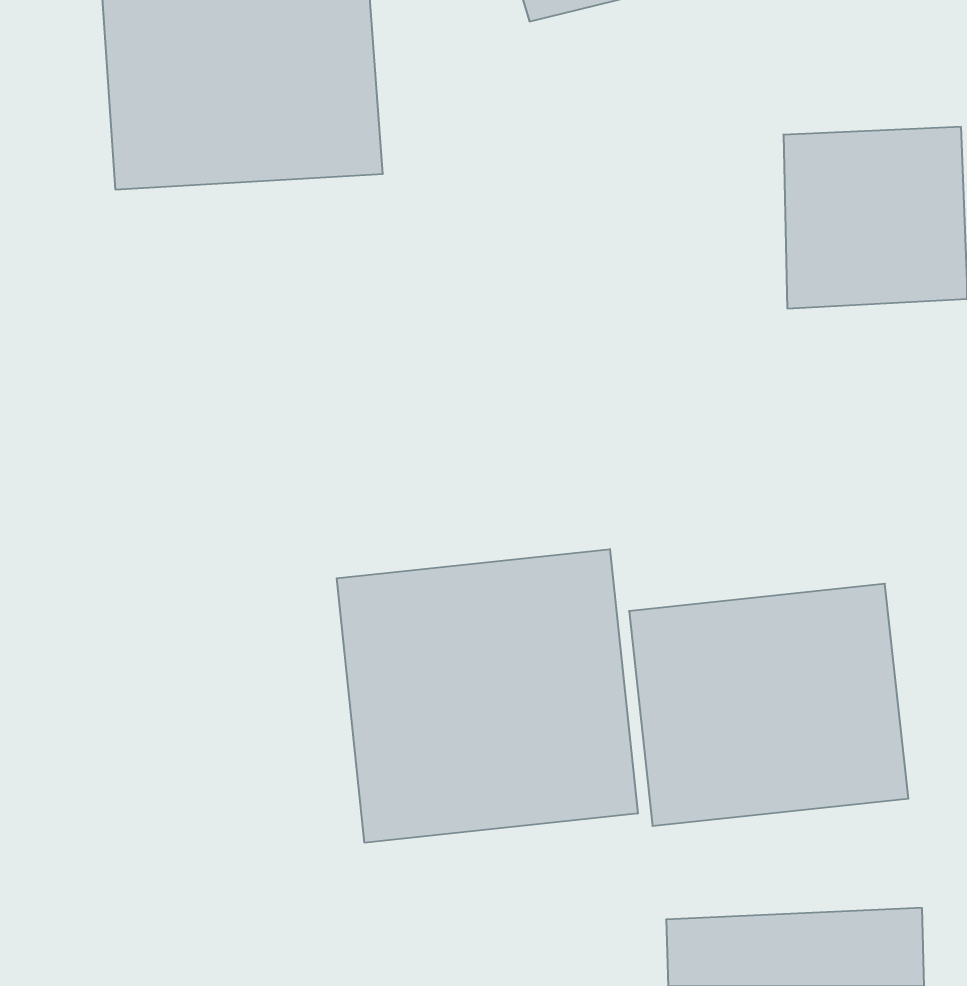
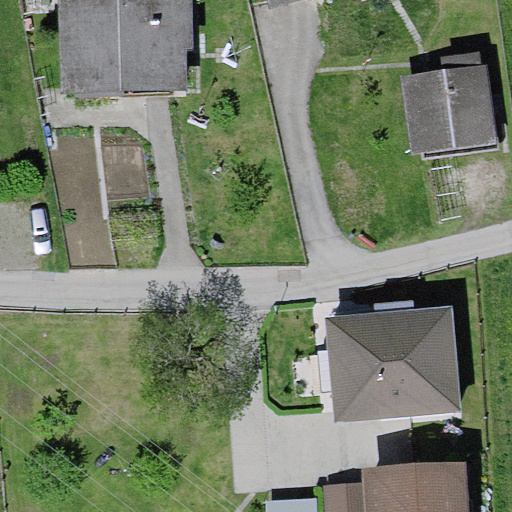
building: [337,549,638,843] -> none

